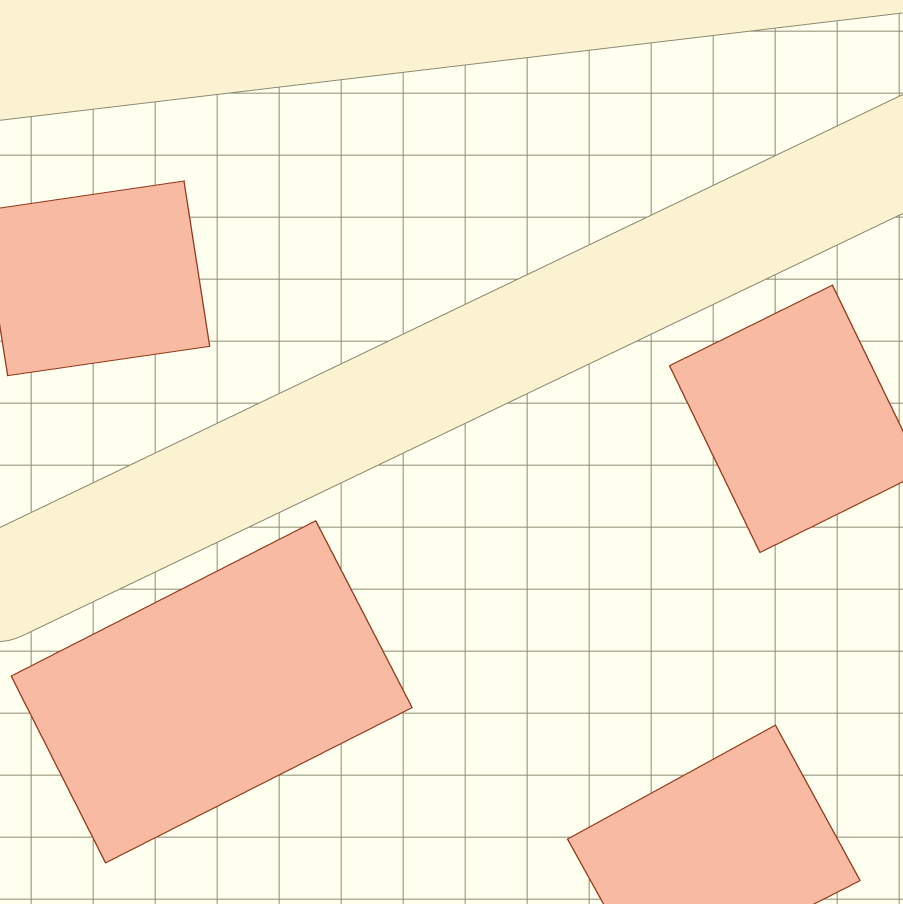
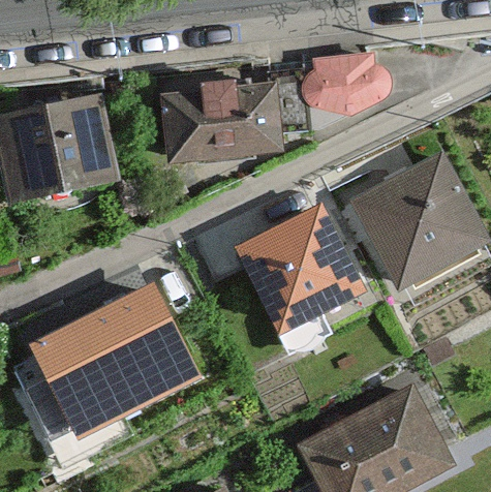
building: none -> [305,58,394,139]
building: none -> [160,69,277,153]
building: none -> [229,196,360,362]

